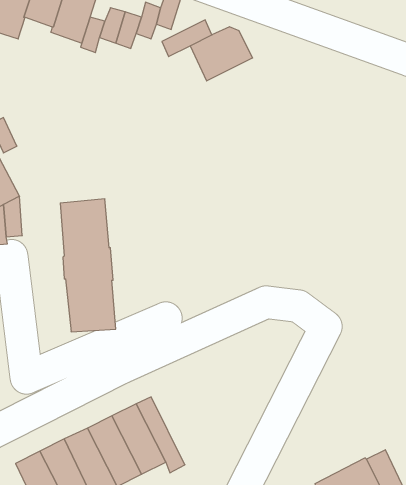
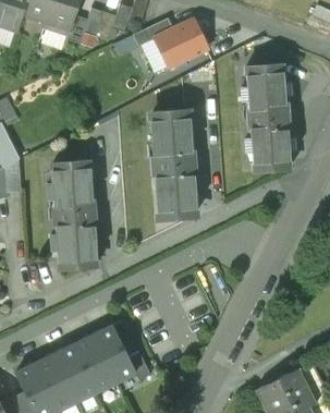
building: none -> [245,64,290,171]
building: none -> [150,111,195,219]

